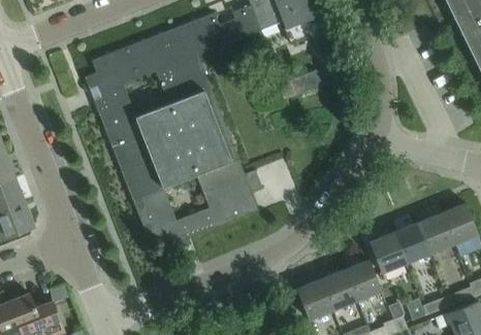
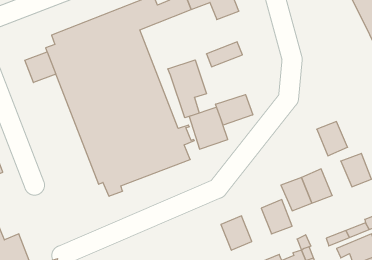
building: none -> [25,52,56,83]
building: none -> [168,60,207,118]
building: none -> [216,95,253,125]
building: [417,212,454,254] -> [317,122,348,156]
building: [321,269,357,309] -> none

